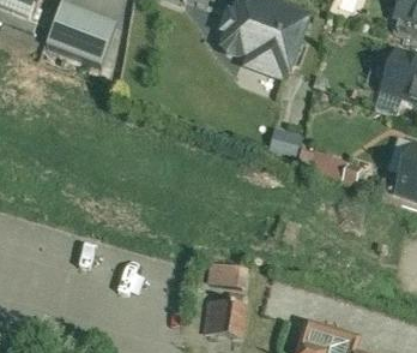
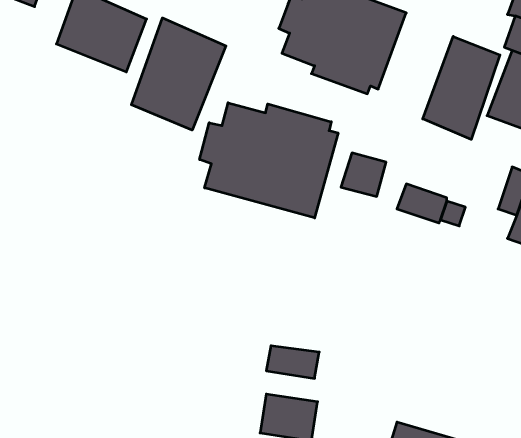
building: none -> [131,18,226,130]
building: none -> [423,36,500,139]
building: none -> [200,103,338,218]

